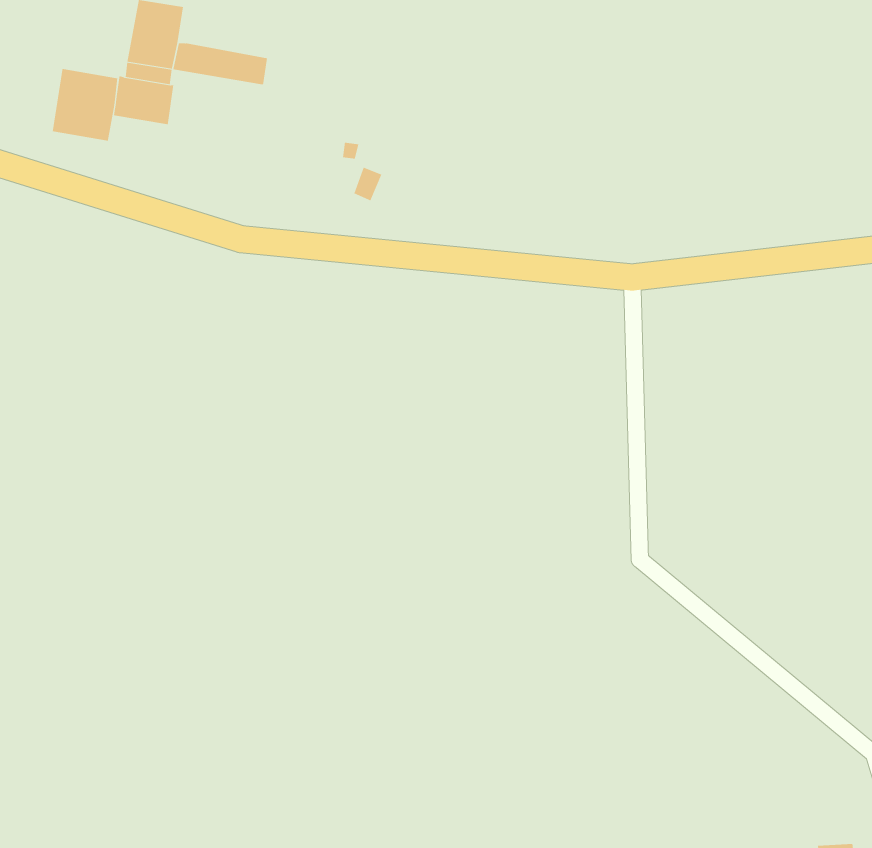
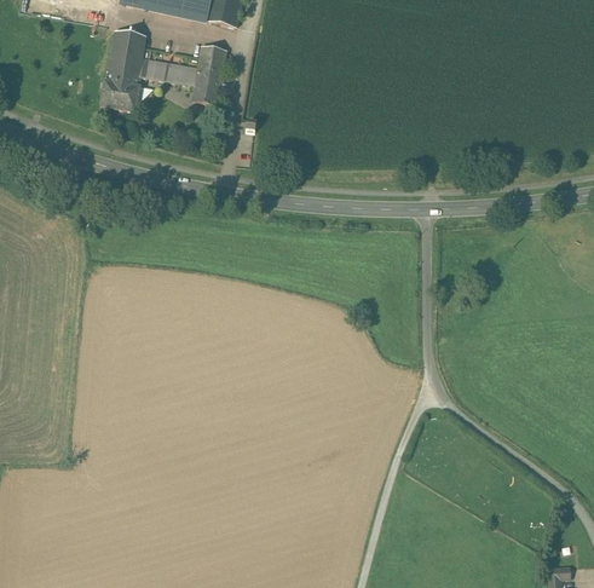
building: none -> [192,45,225,104]
building: [52,68,118,141] -> none

